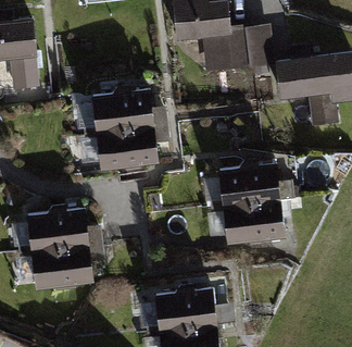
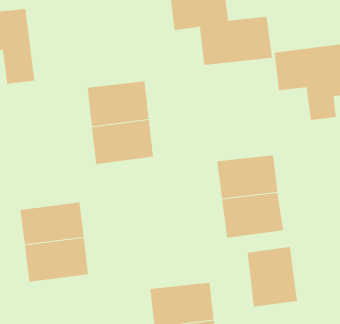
building: none -> [247,246,298,308]

